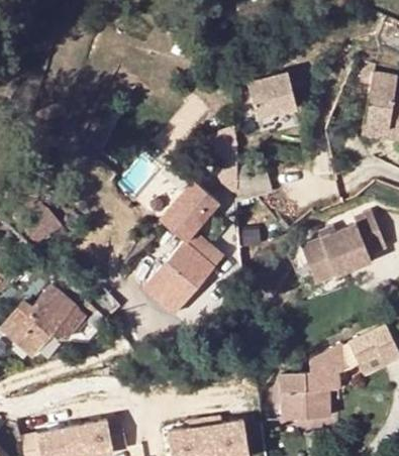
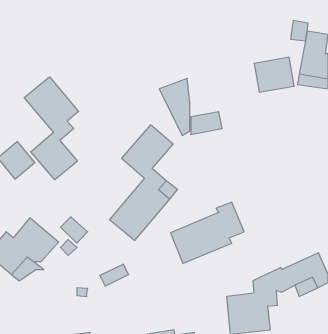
building: [251,70,297,110] -> [254,57,294,92]
building: none -> [24,77,79,180]
building: [301,214,386,284] -> [171,202,244,263]

